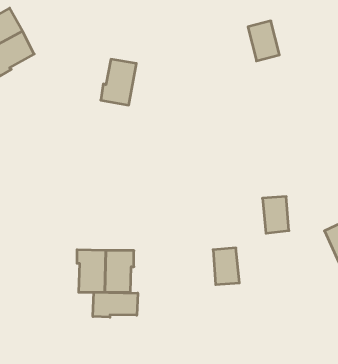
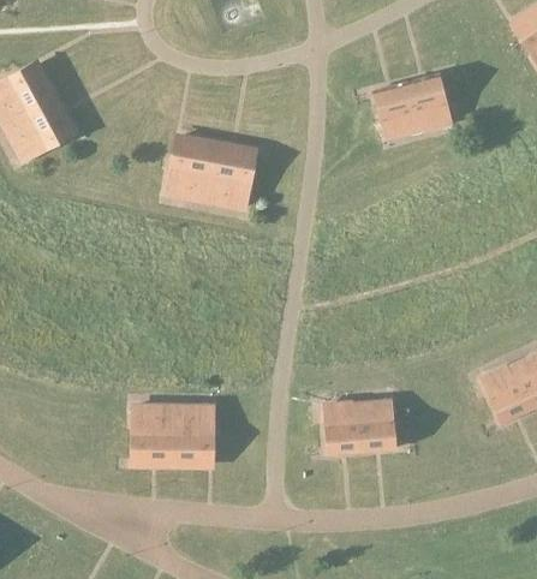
building: none -> [407,74,452,131]
building: none -> [207,143,253,209]
building: [262,197,289,233] -> [358,401,395,453]
building: [93,292,138,317] -> none

